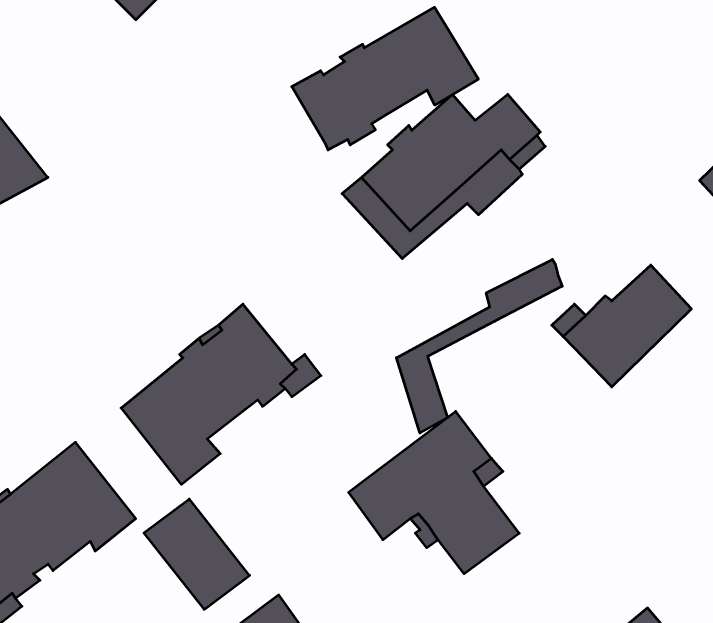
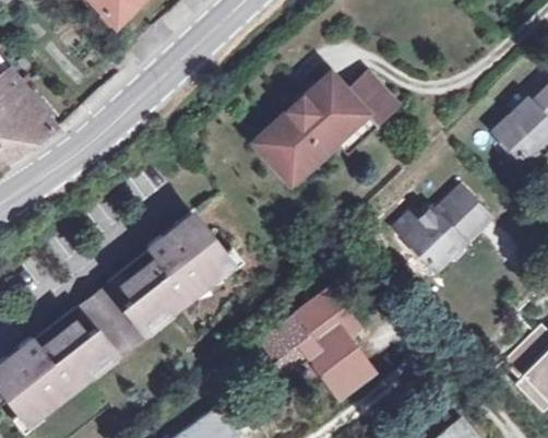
building: [292,7,478,150] -> none
building: [396,259,562,433] -> none
building: [144,499,250,609] -> [76,284,147,358]

